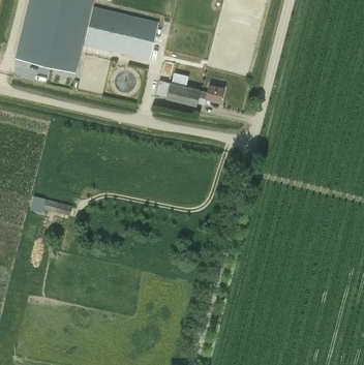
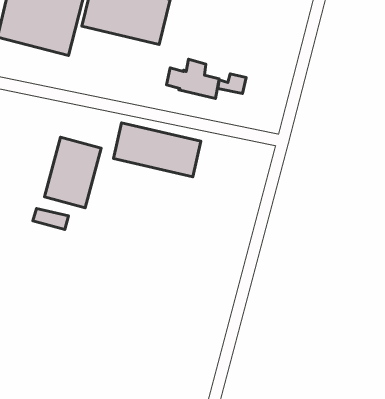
building: none -> [114,123,201,177]
building: none -> [44,137,101,208]

